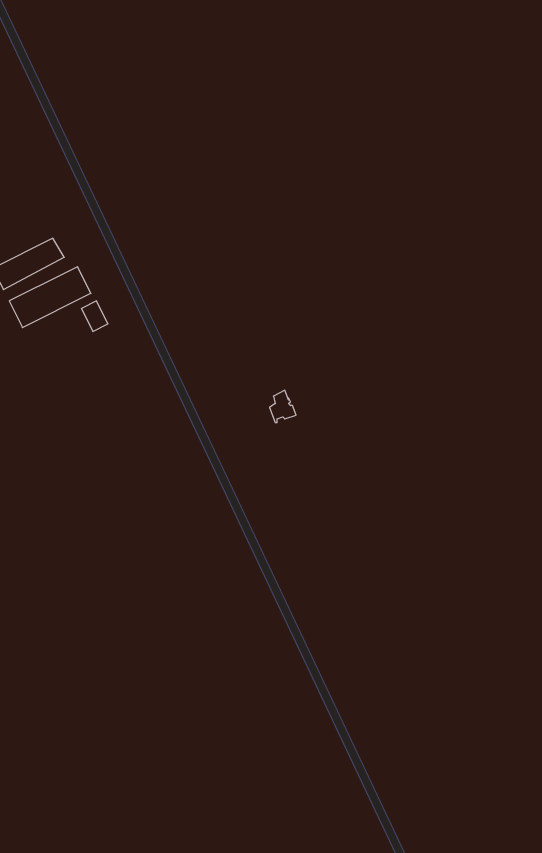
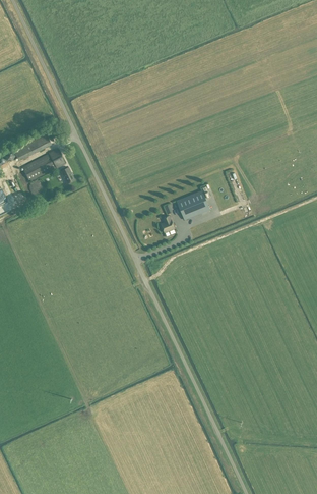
building: none -> [177,189,209,220]

